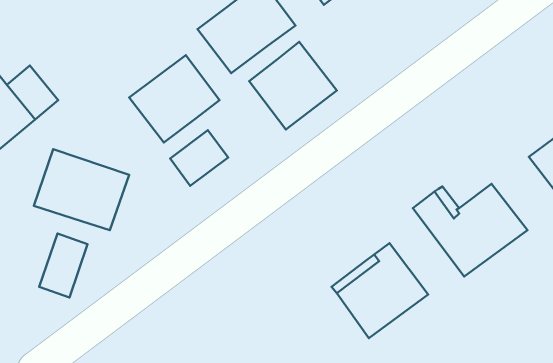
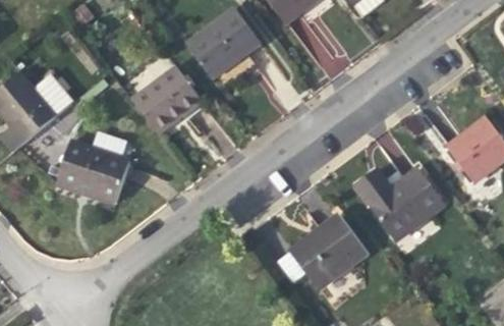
building: [249,42,337,129] -> none
building: [170,130,228,186] -> none
building: [39,233,87,297] -> none

